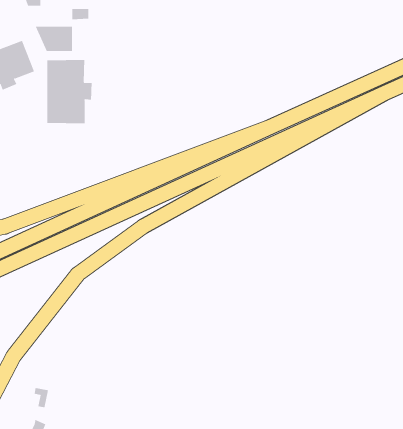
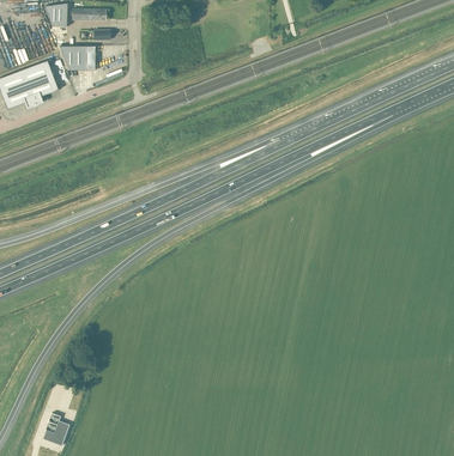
building: [47,59,92,124] -> none

